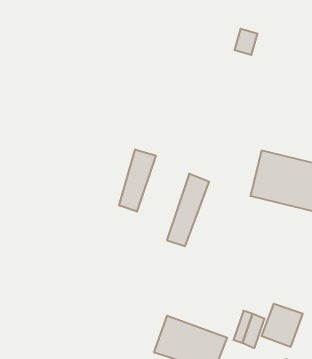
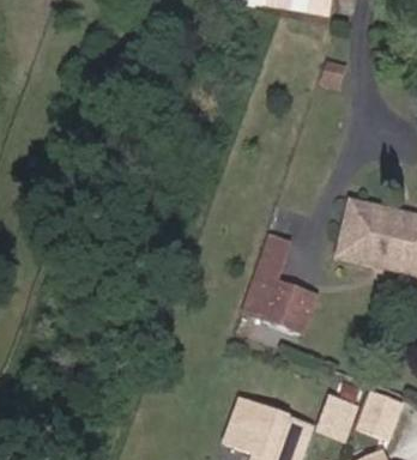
building: [119,150,156,212] -> none
building: none -> [261,278,312,329]

